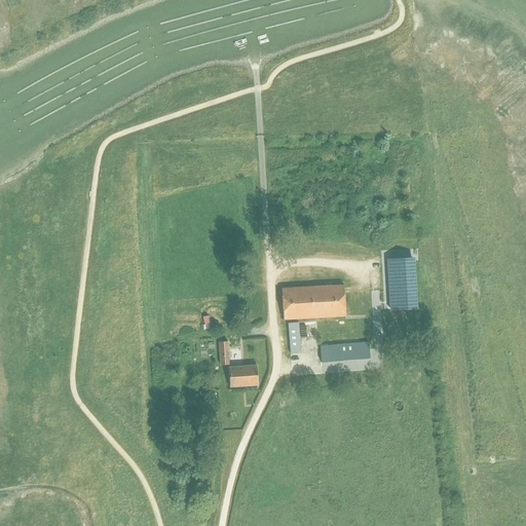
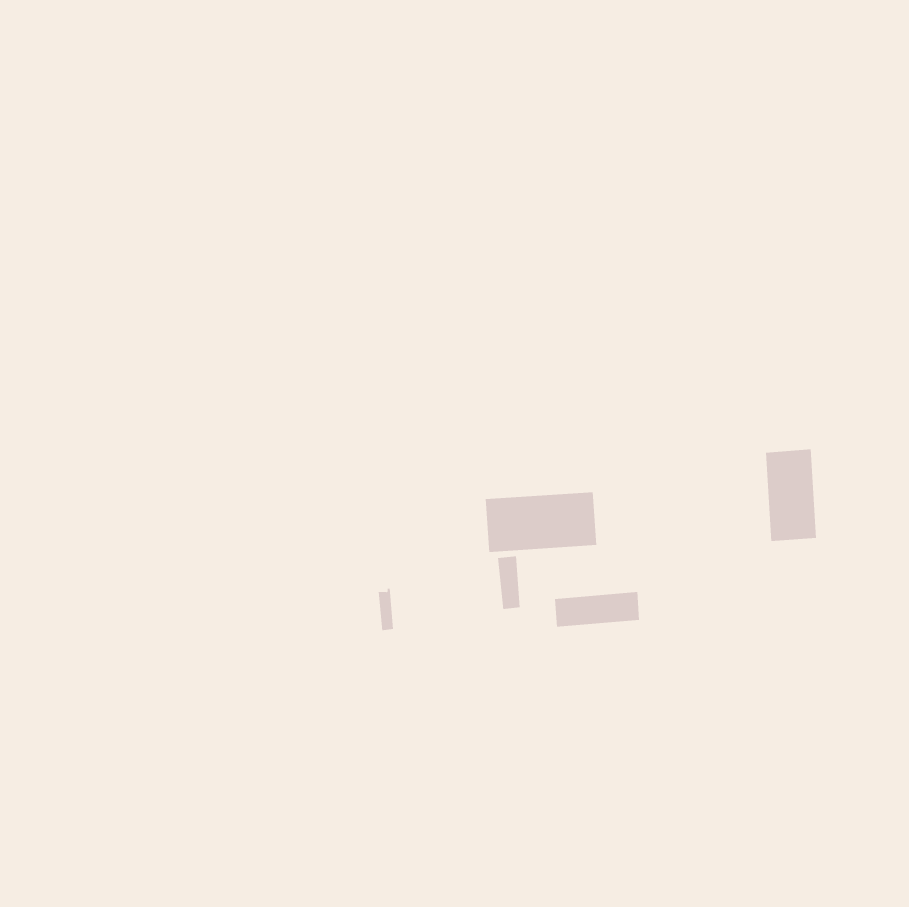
building: [386,257,416,310] -> [765,449,817,542]
building: [228,364,258,385] -> none

